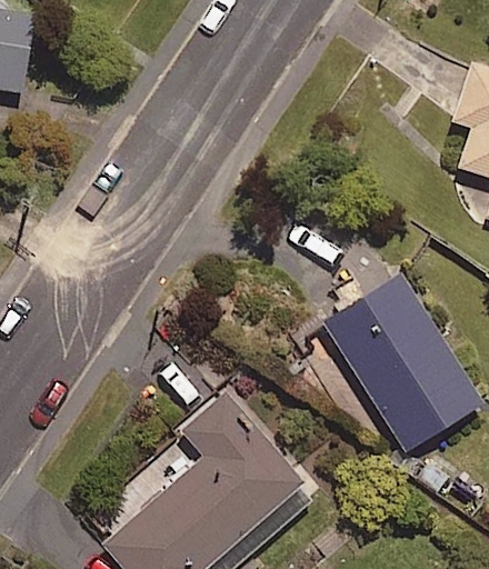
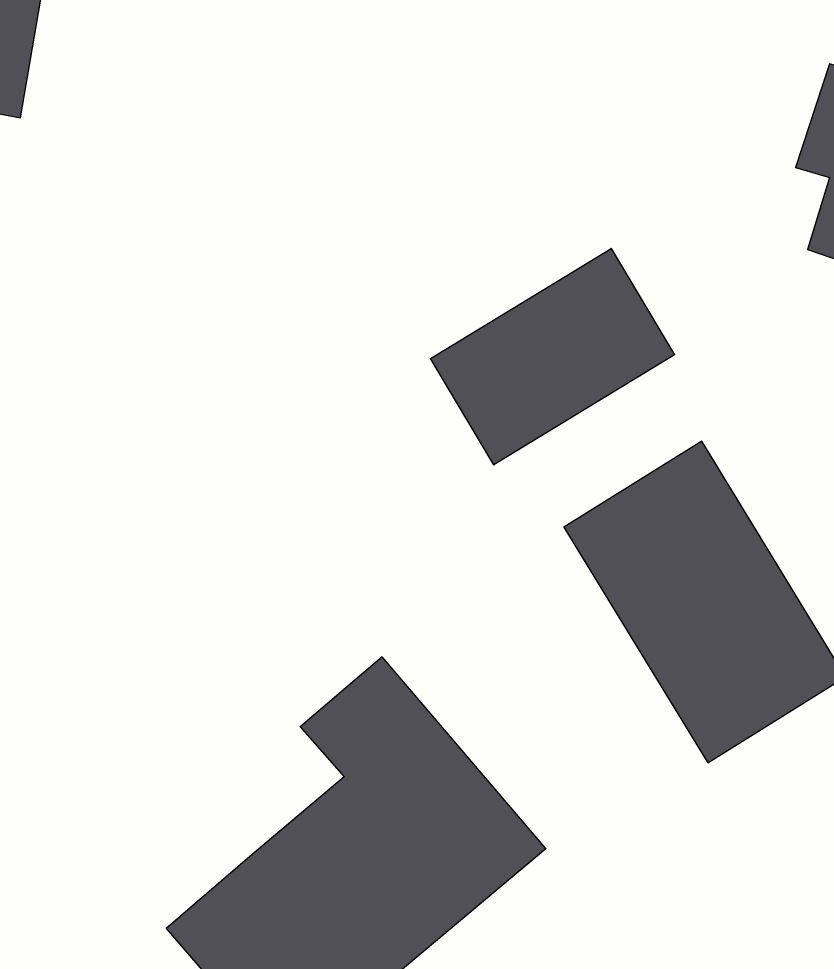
building: none -> [430,248,675,465]

